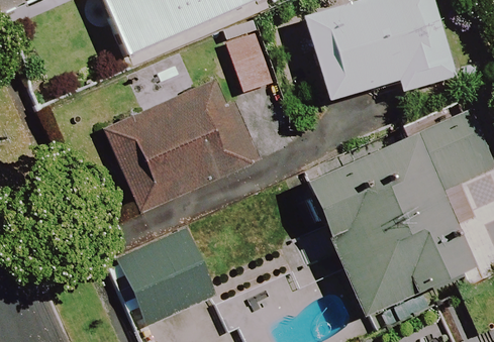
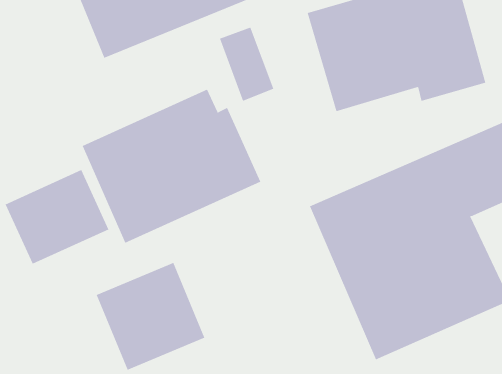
building: none -> [5,169,109,265]

